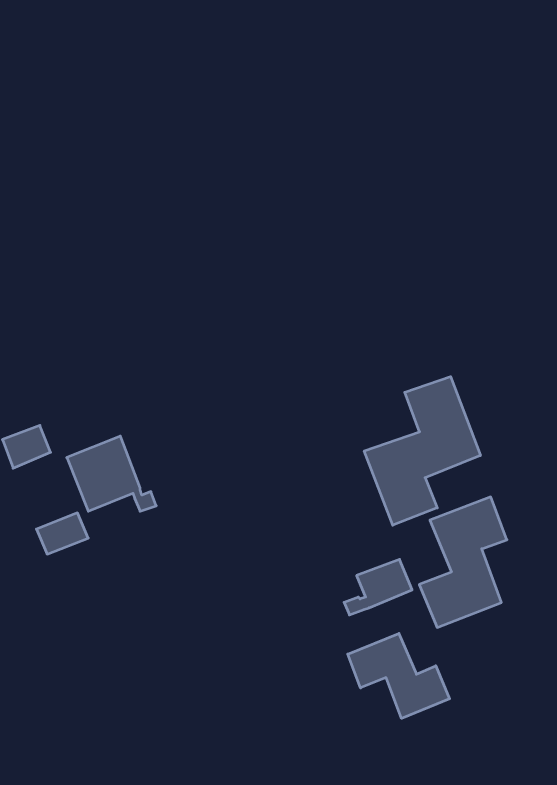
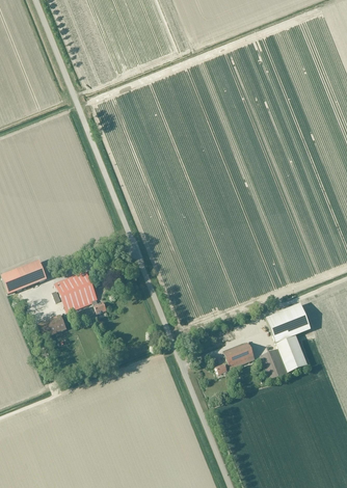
building: [364,377,480,525] -> none
building: [348,633,450,718] -> none

